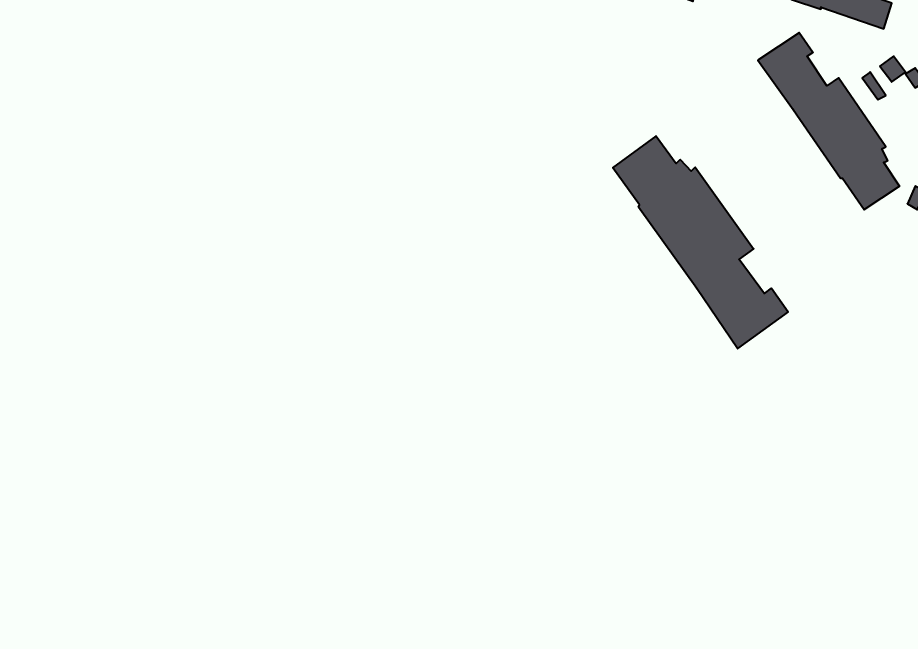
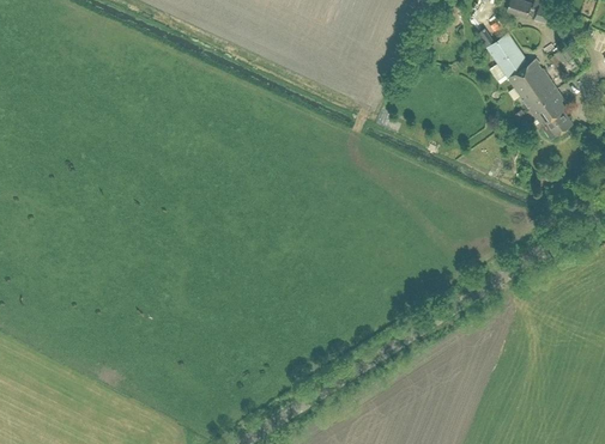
building: [613,136,788,349] -> none

